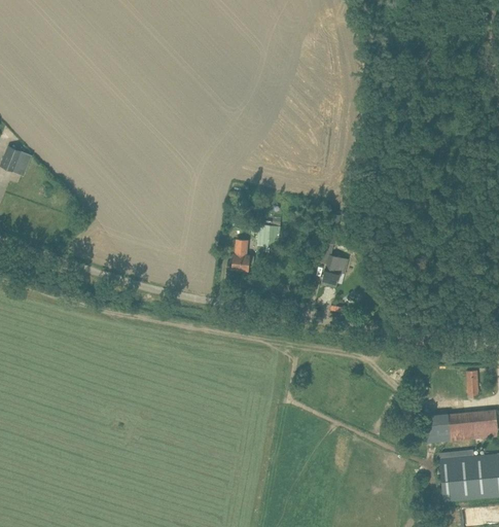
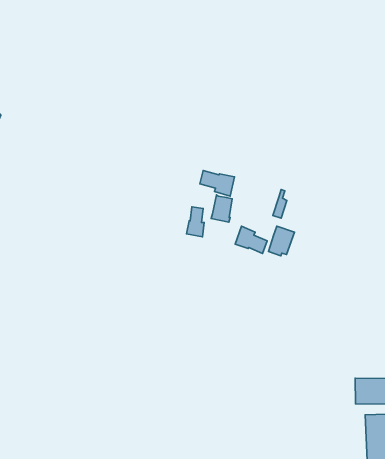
building: none -> [200,170,235,196]
building: none -> [235,226,267,253]

